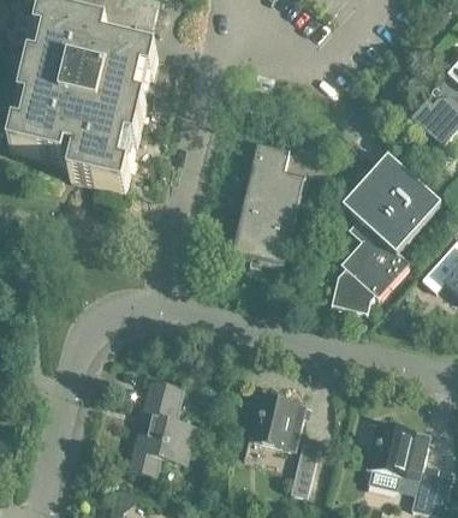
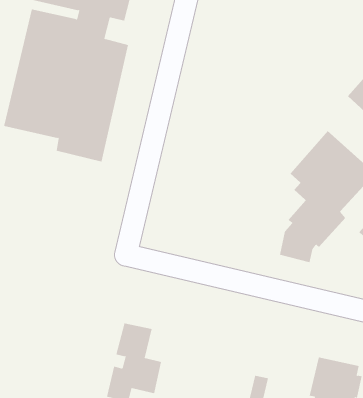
building: [231,142,333,269] -> none
building: [248,394,305,451] -> none

